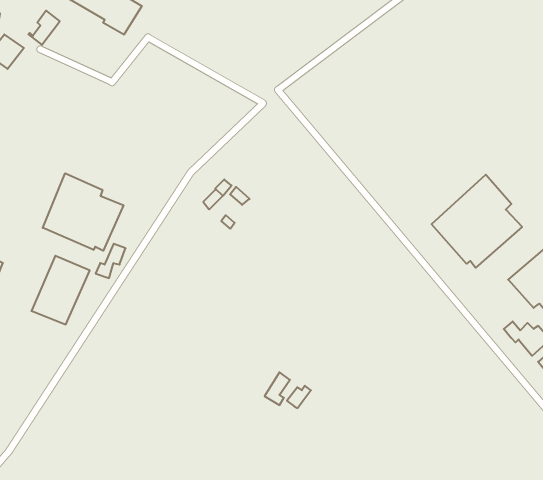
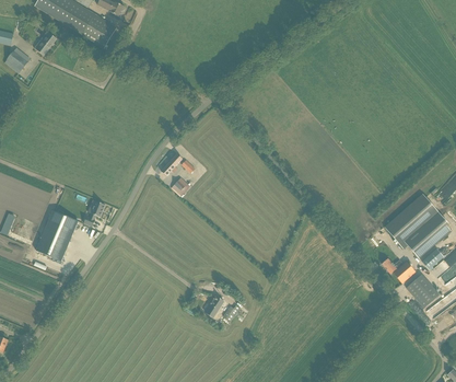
building: [43,173,123,251] -> none
building: [432,175,522,268] -> none

